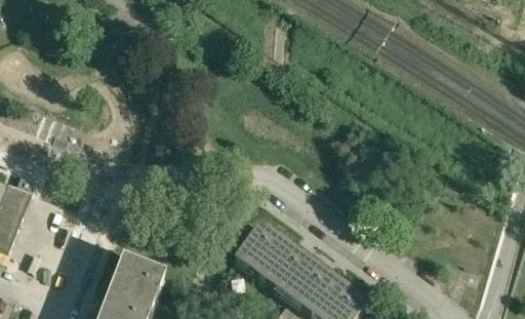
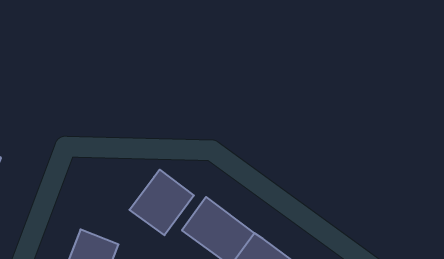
building: none -> [129,170,194,235]

